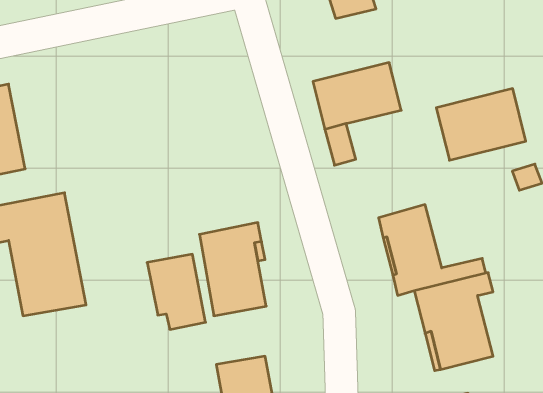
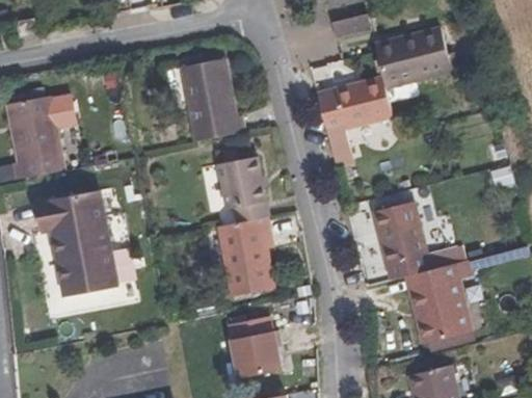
building: none -> [181,57,244,140]
building: [436,89,526,160] -> [374,26,452,88]
building: [147,254,206,329] -> [217,156,268,221]

